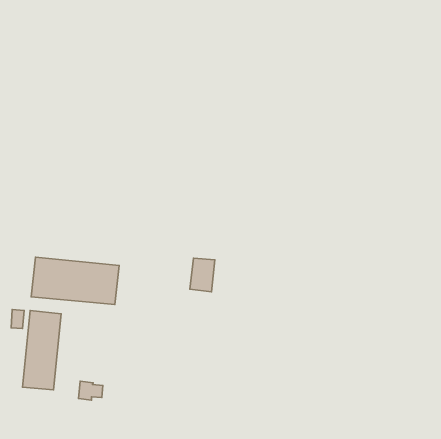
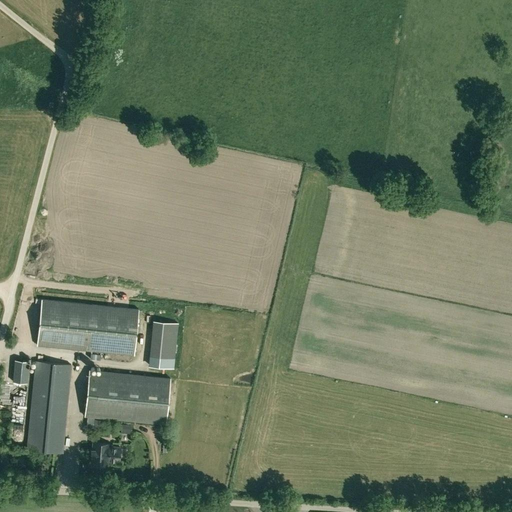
building: [190,258,215,292] -> [149,322,178,361]
building: none -> [84,371,170,426]

